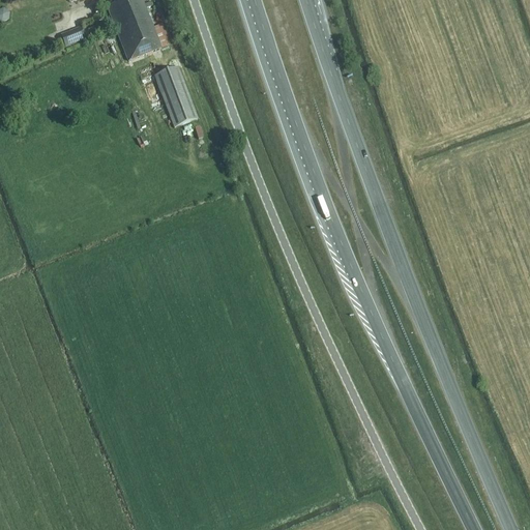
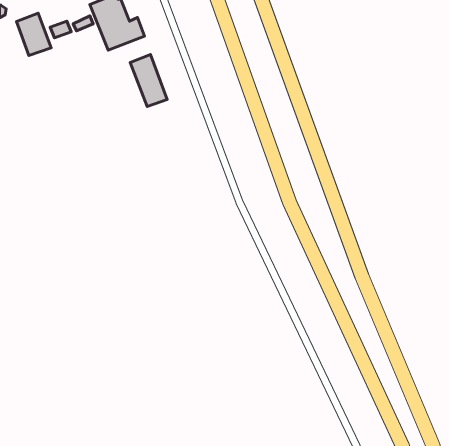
building: none -> [17,13,51,56]

